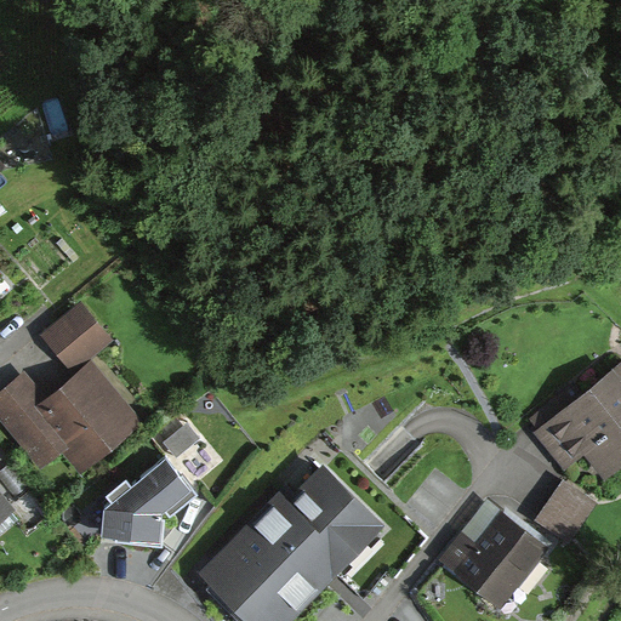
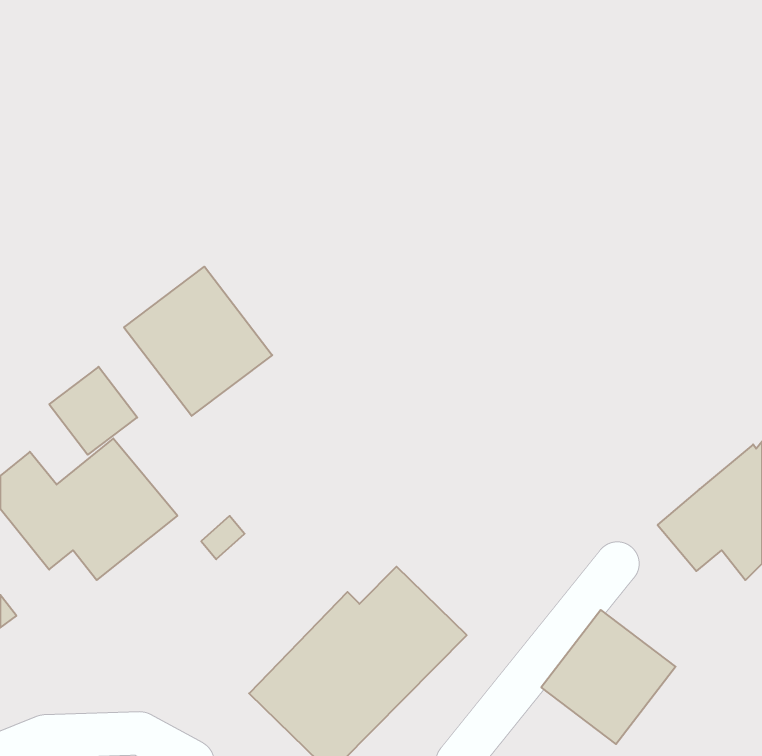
building: none -> [124,267,272,416]
building: [102,456,195,547] -> none
building: [534,480,596,546] -> none

